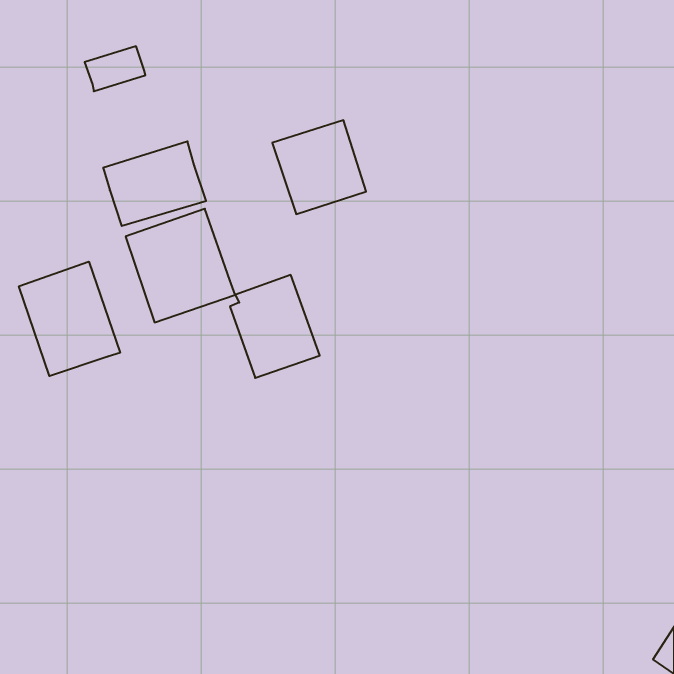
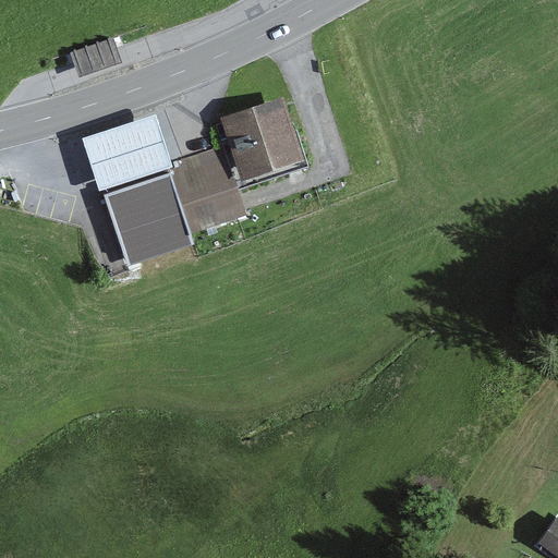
building: [19,262,120,376] -> none
building: [230,275,320,378] -> [169,146,243,231]

